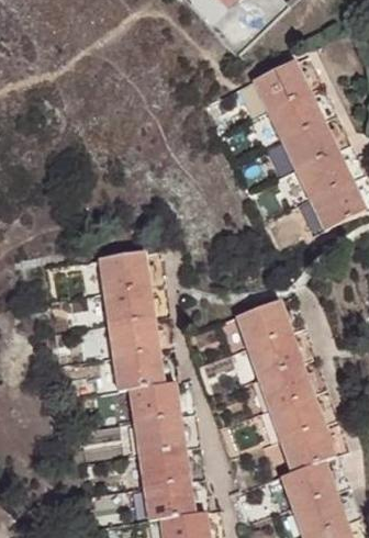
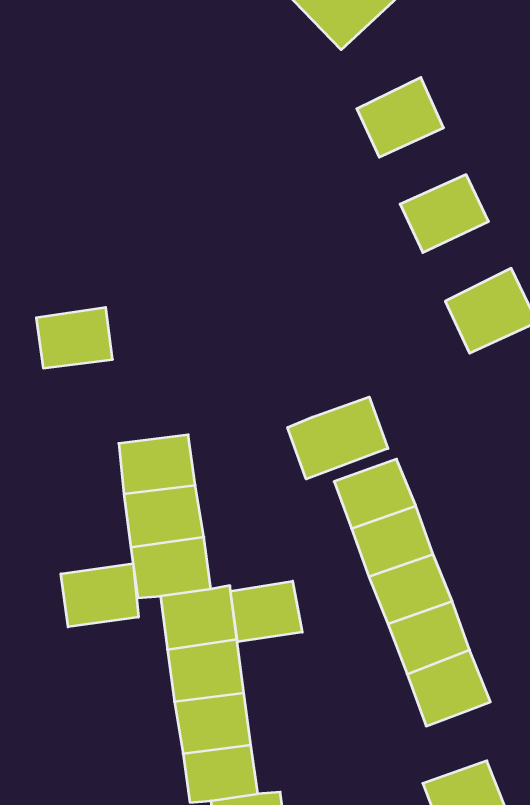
building: [268,92,323,141] -> none
building: [295,152,351,202] -> none
building: [99,254,147,292] -> [36,307,113,368]
building: none -> [288,397,388,479]
building: none -> [61,564,138,627]
building: none -> [231,581,302,642]
building: [284,461,336,507] -> none

